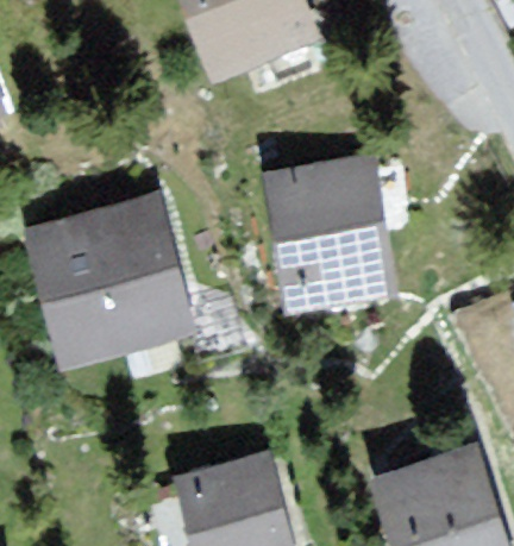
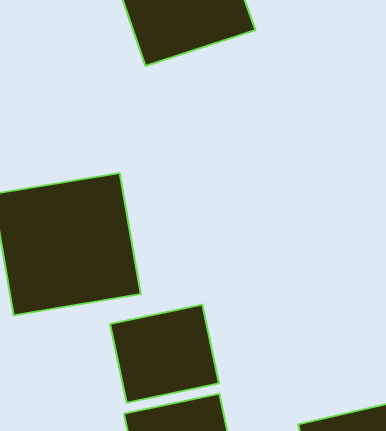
building: [262,164,390,307] -> none
building: none -> [110,304,219,403]

